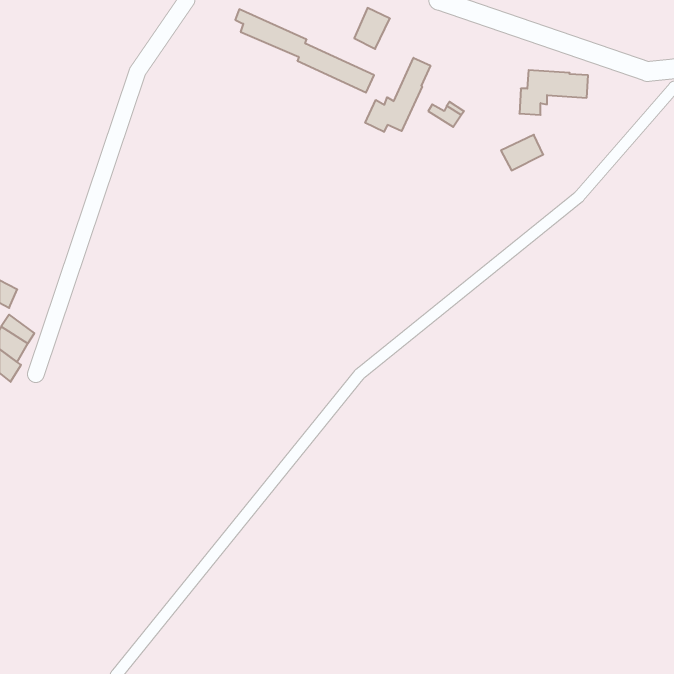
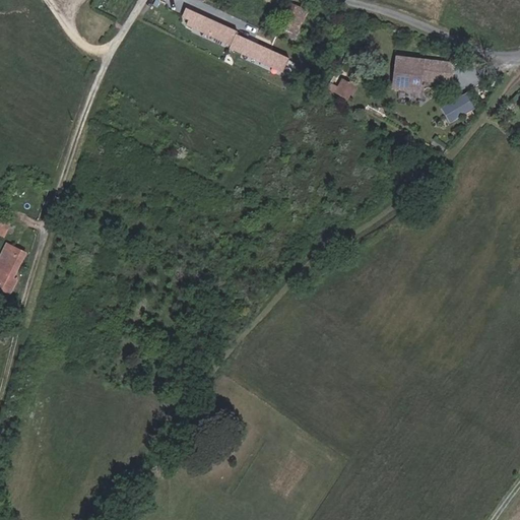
building: [365,58,430,132] -> none
building: [501,135,543,170] -> [440,93,472,121]

